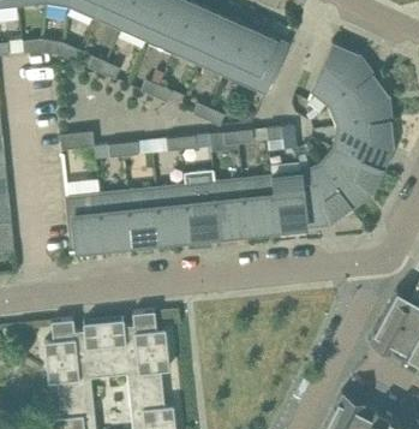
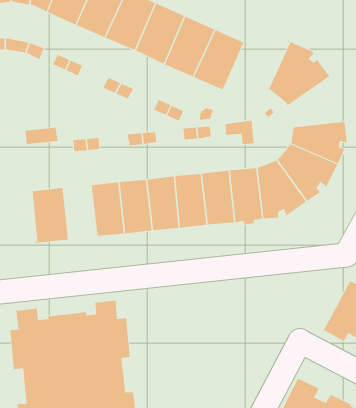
building: [331,79,391,132] -> none
building: [100,192,134,249] -> none

